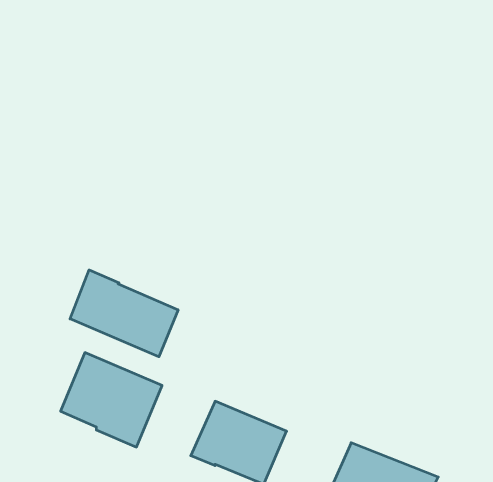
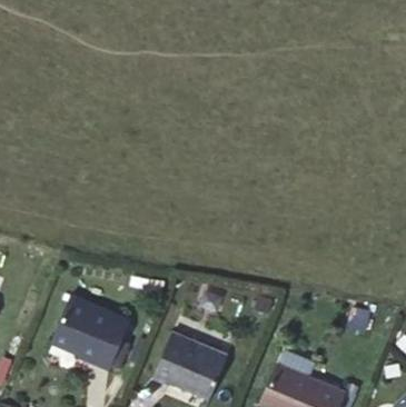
building: [70,270,178,357] -> none

